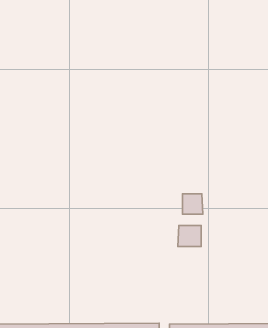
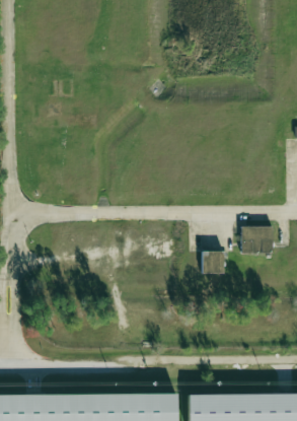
building: none -> [241,225,274,254]
building: [178,226,201,246] -> none

